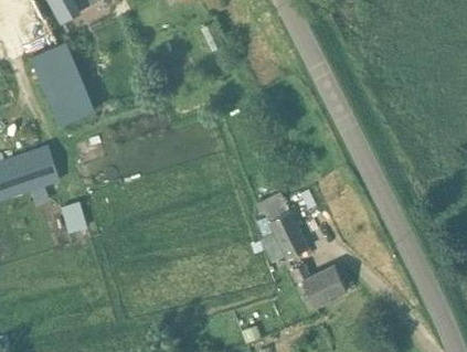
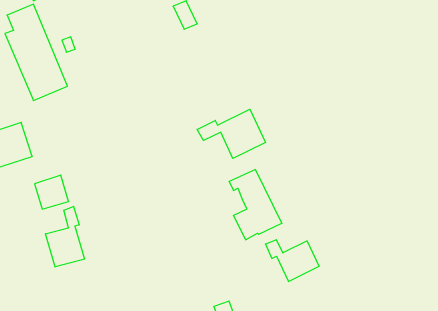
building: none -> [197,109,265,158]
building: none -> [45,206,85,267]

